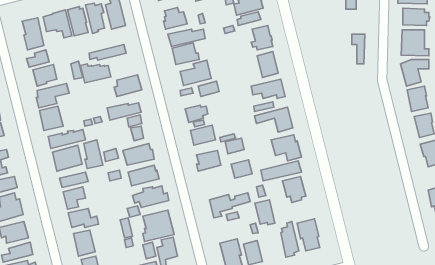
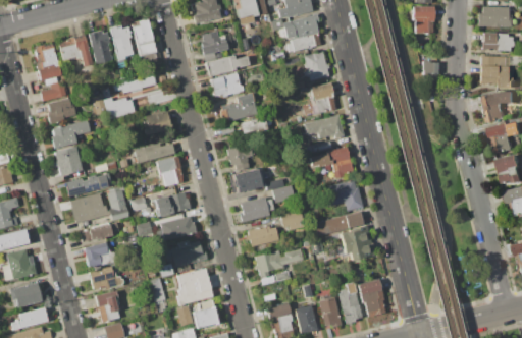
building: none -> [248,225,280,247]
building: [255,200,275,225] -> [318,296,342,326]

